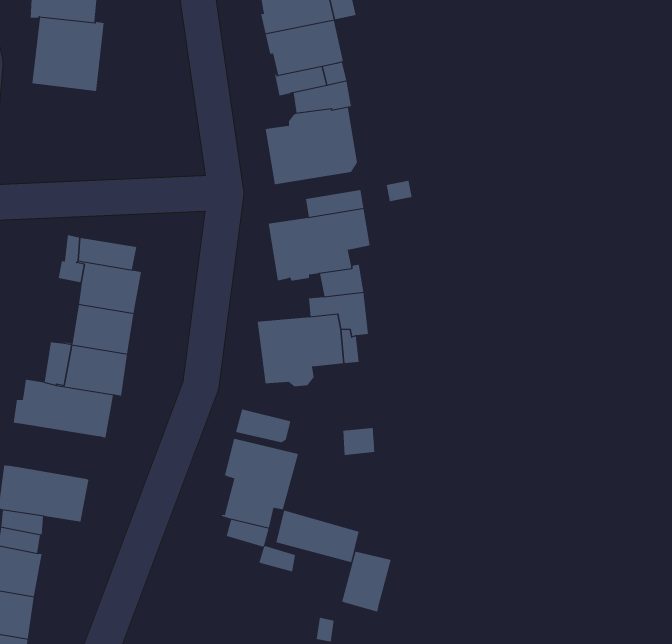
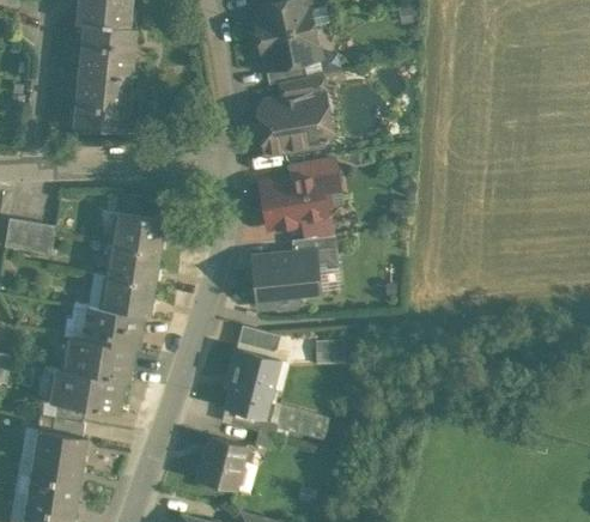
building: none -> [74,74,129,130]
building: none -> [66,336,132,380]
building: [342,551,393,612] -> none
building: none -> [196,436,245,488]

